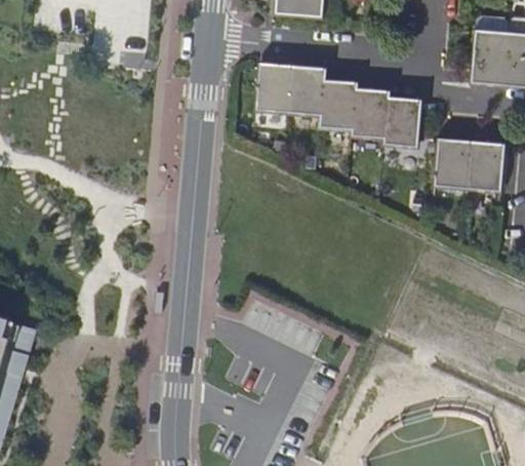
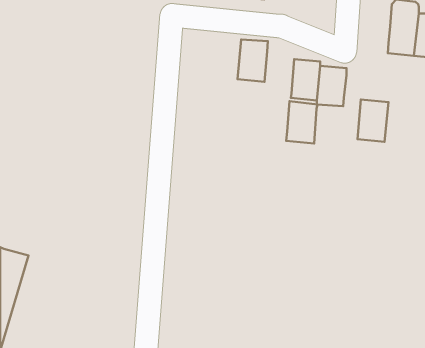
building: [257,62,293,113] -> none
building: [321,79,359,130] -> [286,101,317,143]
building: [468,141,504,191] -> none

